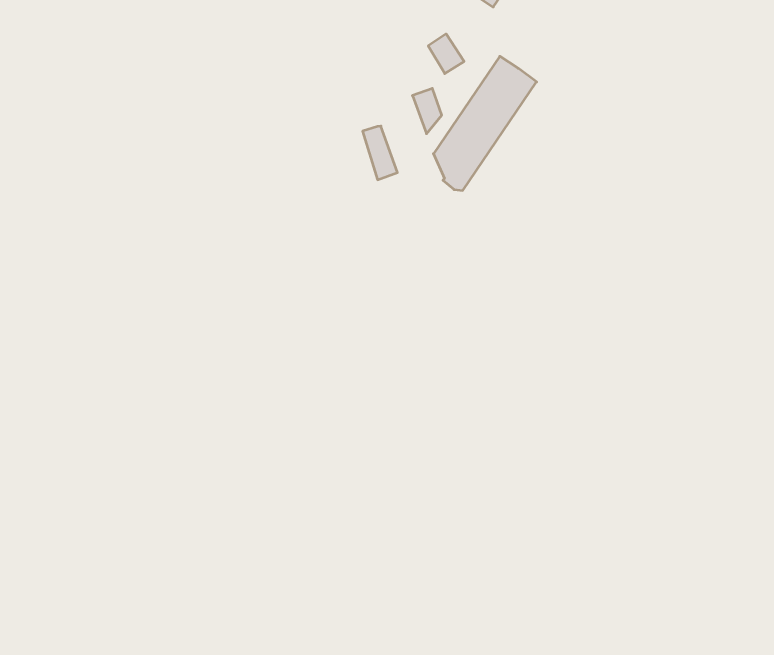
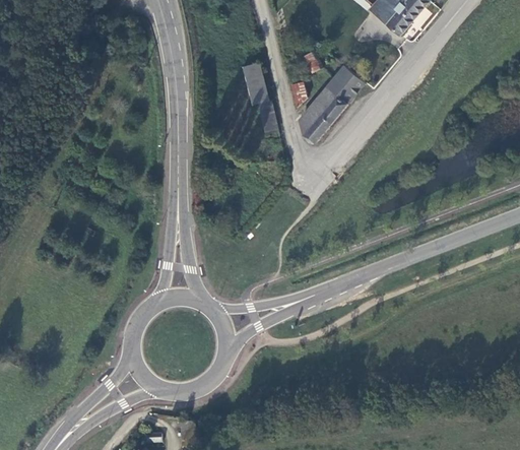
building: none -> [242,63,267,105]

